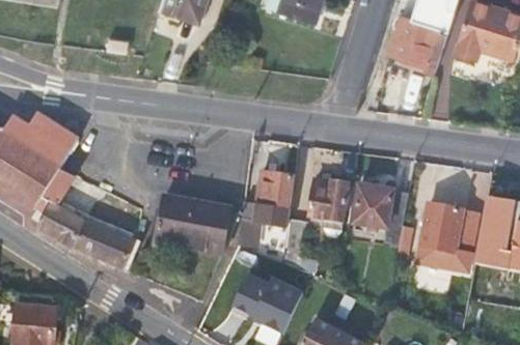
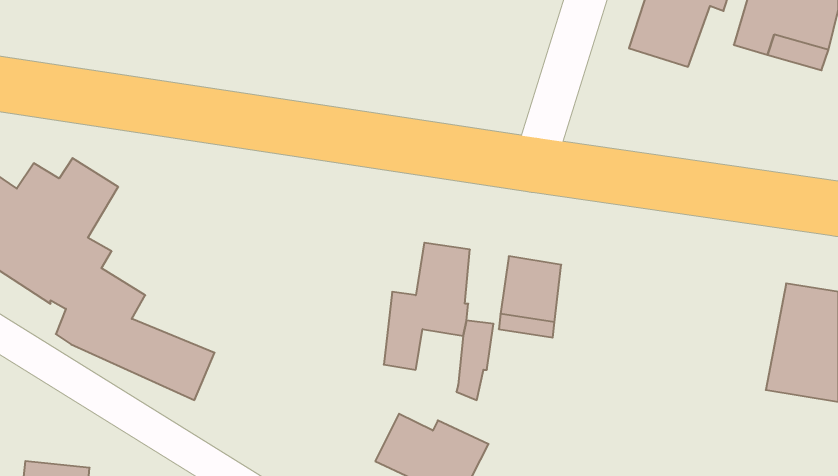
building: [354,188,409,247] -> none
building: [142,191,220,254] -> none
building: [417,205,478,270] -> none

